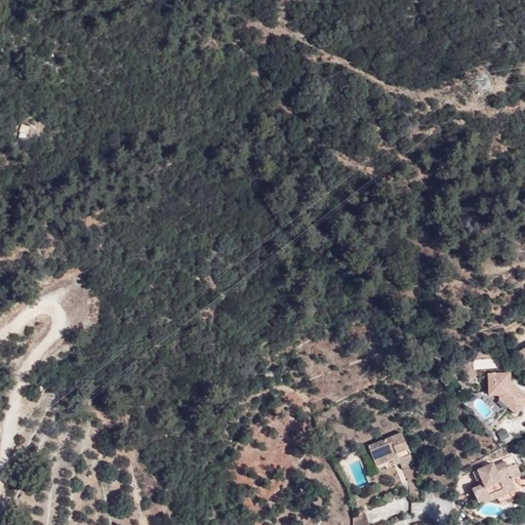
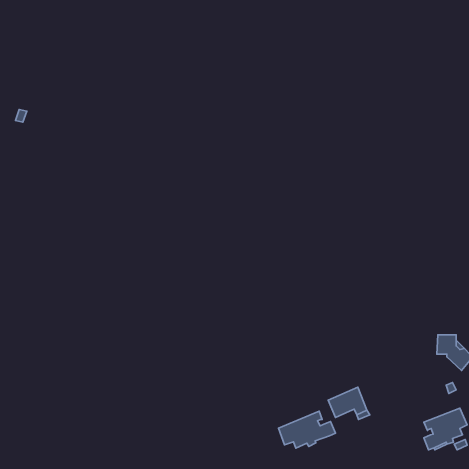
building: none -> [279,411,335,448]

